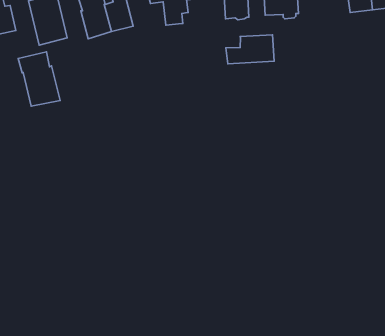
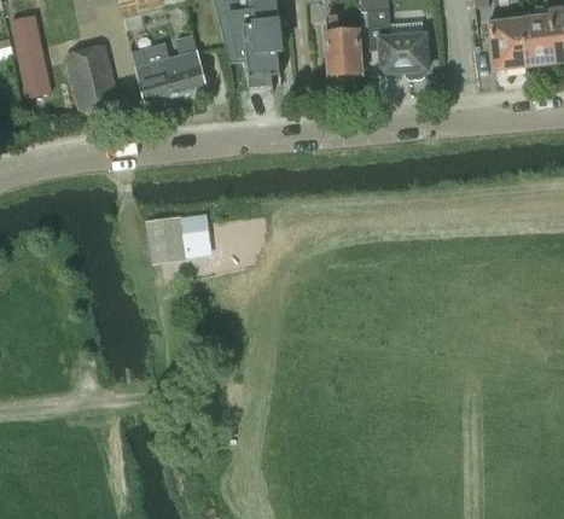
building: [226,35,274,64] -> none
building: [18,52,60,106] -> none
building: none -> [145,214,208,260]

